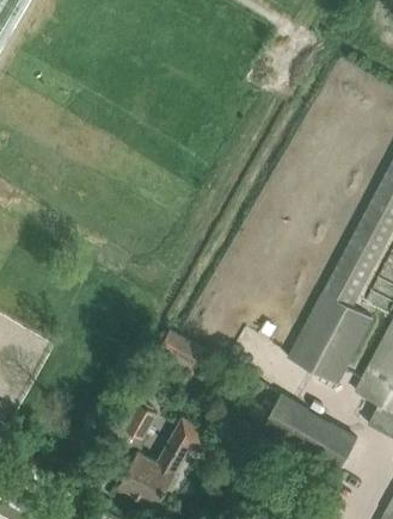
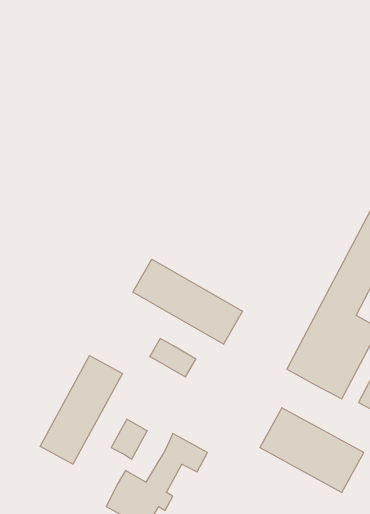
building: none -> [133,259,242,344]
building: none -> [40,356,122,464]

